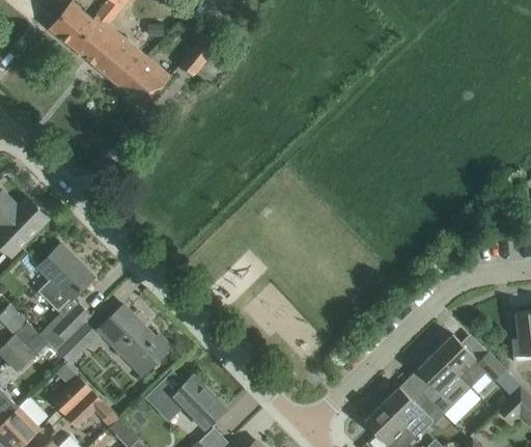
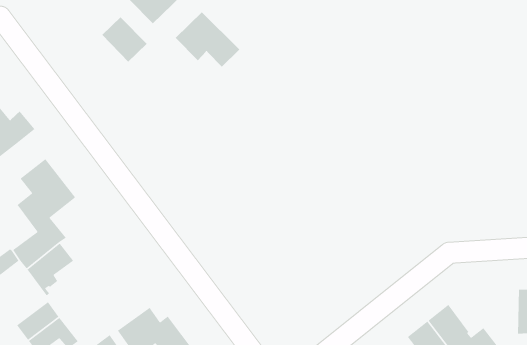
building: none -> [175,12,240,67]
building: none -> [101,16,147,62]
building: [97,304,170,374] -> none

